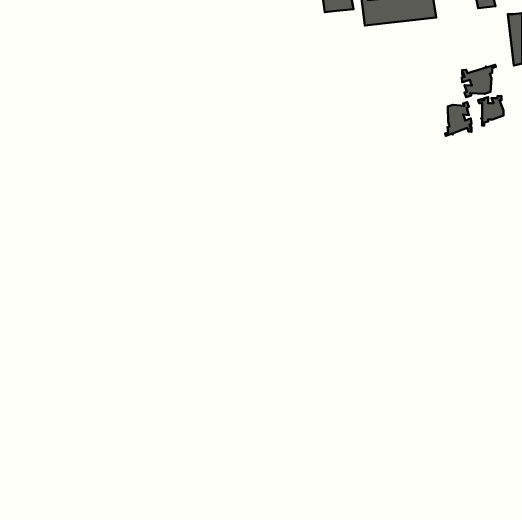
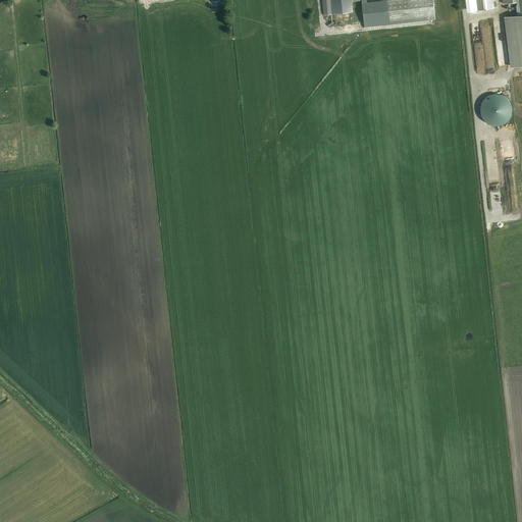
building: [462,65,496,97] -> none
building: [445,102,472,136] -> none

